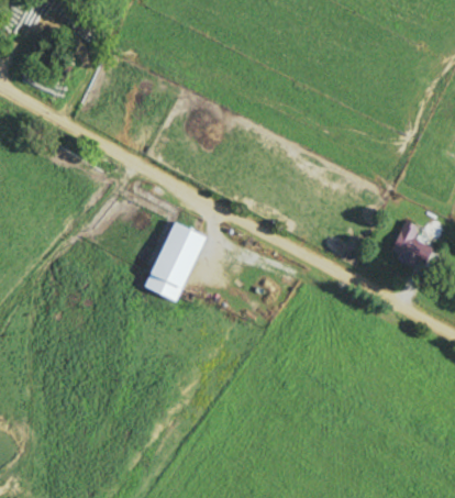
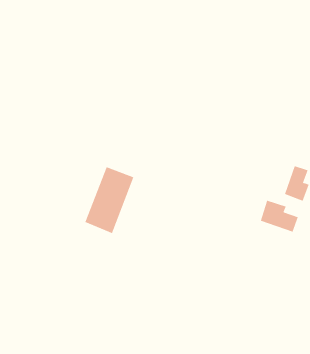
building: none -> [260,200,299,232]

